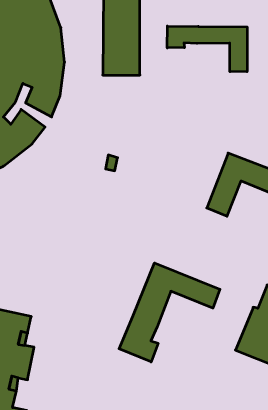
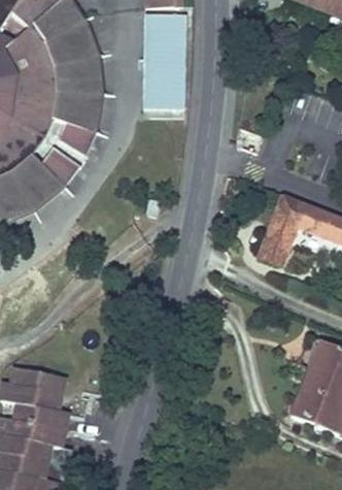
building: [167,26,247,72] -> none
building: [119,263,220,362] -> none

